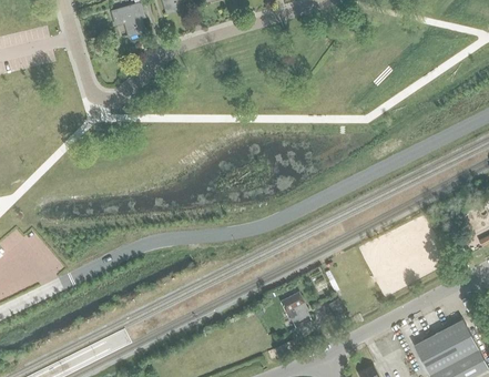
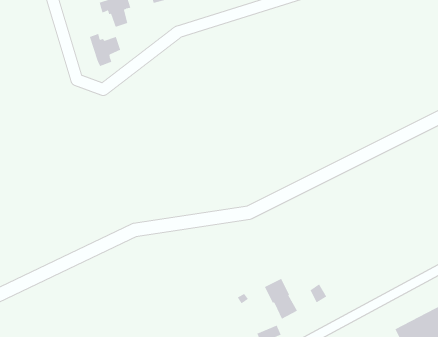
building: none -> [89,33,121,67]

